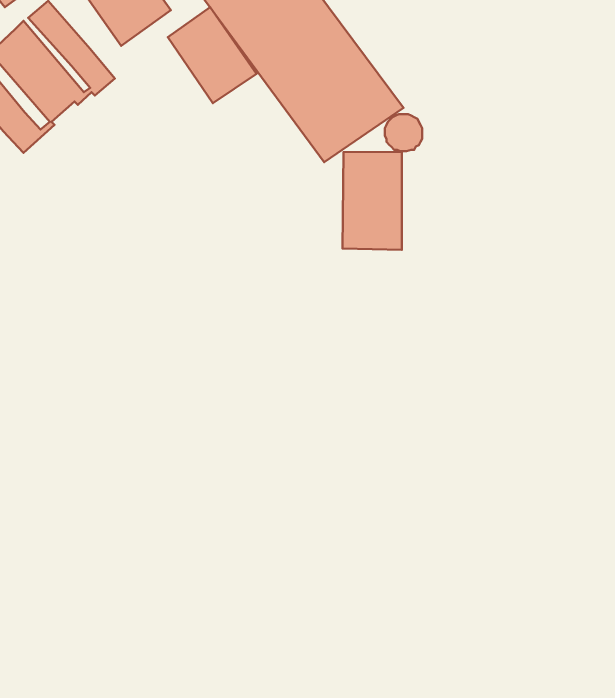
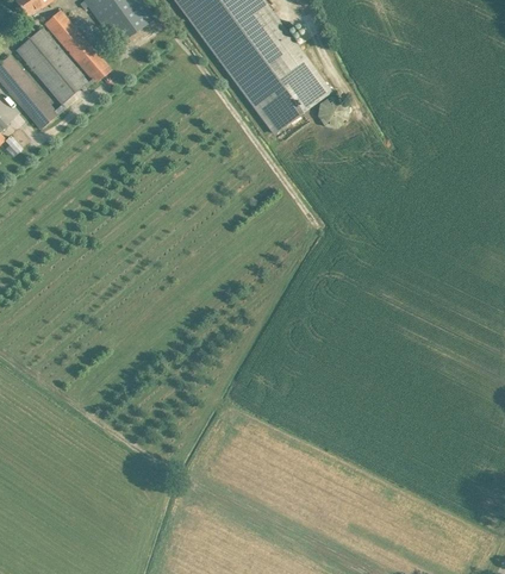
building: [168,7,256,103] -> none
building: [343,152,402,250] -> none

